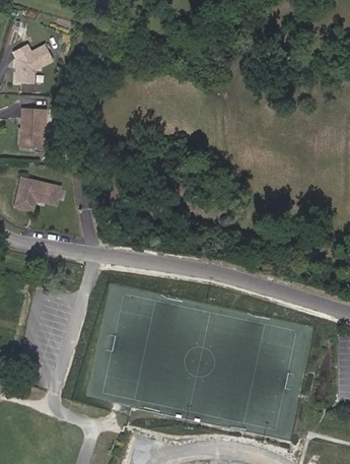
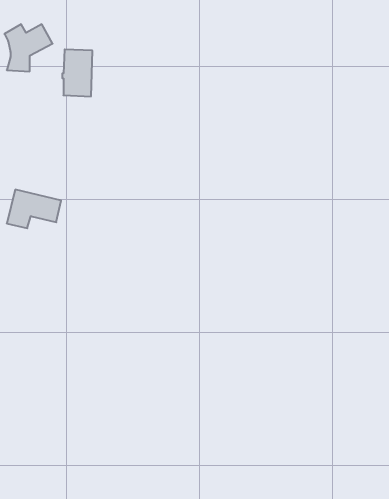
building: [19,107,45,146] -> [62,49,92,96]

